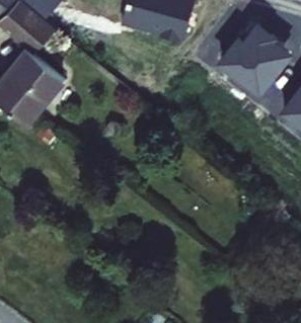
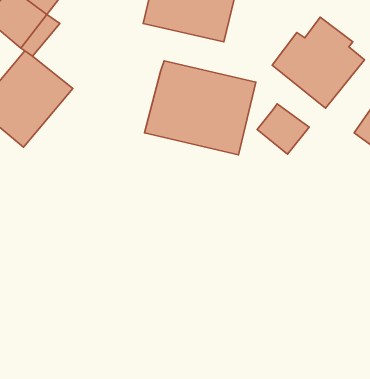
building: none -> [145,61,256,155]
building: none -> [257,104,309,154]

